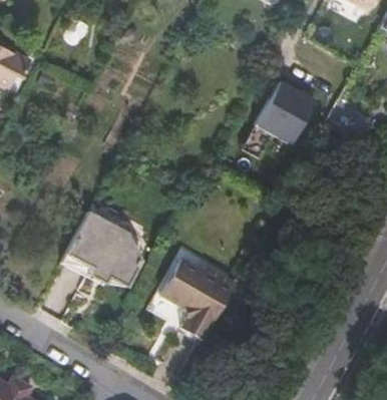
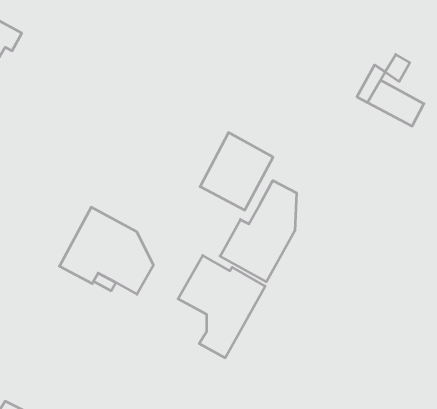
building: [254,77,316,143] -> [200,133,273,210]
building: none -> [220,181,297,282]

